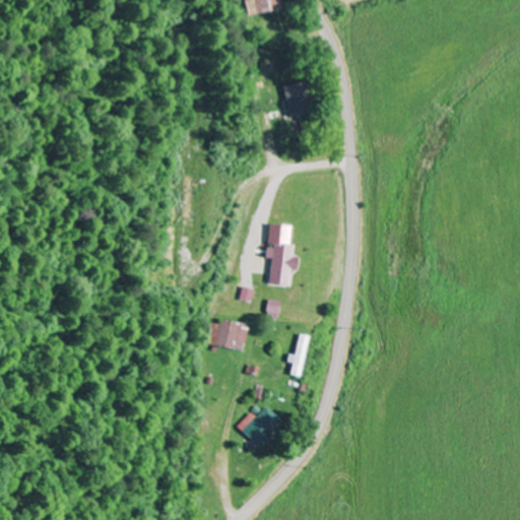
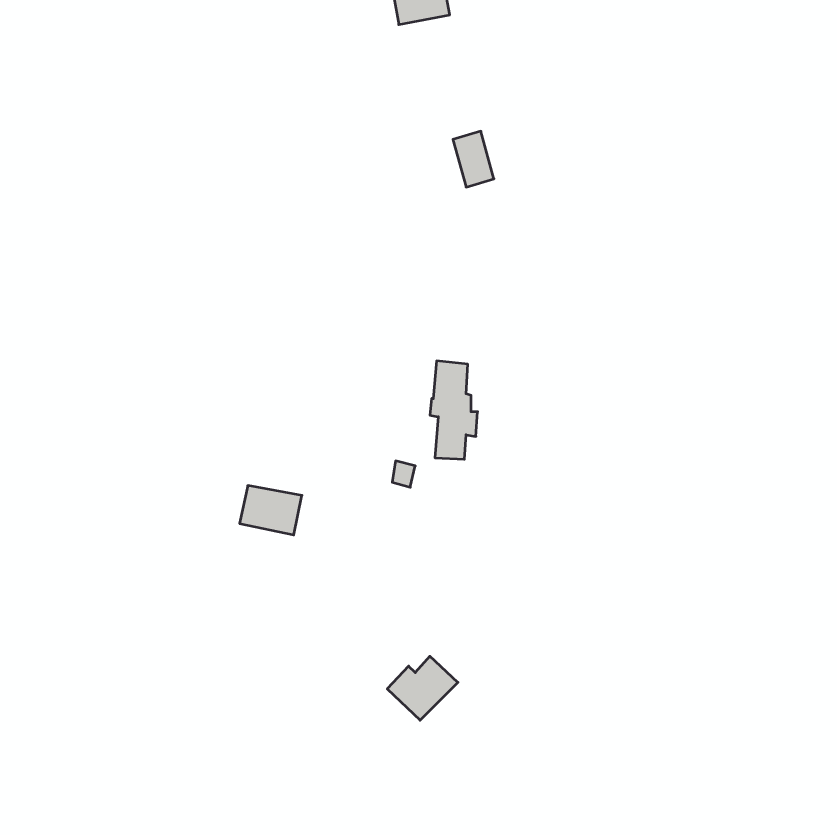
building: [211,319,250,349] -> [240,486,302,535]
building: [287,333,309,377] -> none

